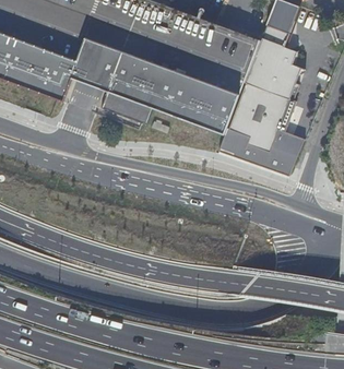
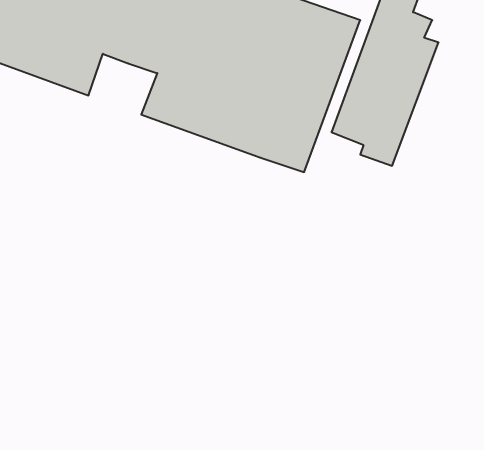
building: [220,76,306,171] -> none

